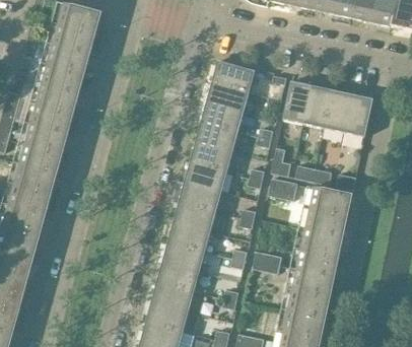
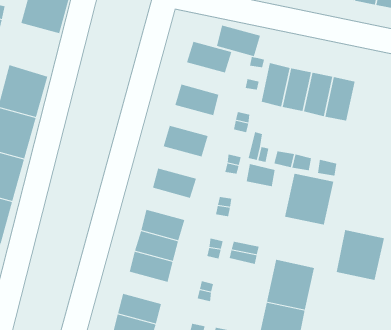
building: [42,44,90,94] -> none
building: [206,81,249,112] -> [216,25,261,57]
building: [195,122,237,151] -> none
building: [184,161,226,192] -> none
building: [173,201,215,231] -> none
building: [296,228,343,277] -> [336,230,385,281]
building: [150,281,194,311] -> none

